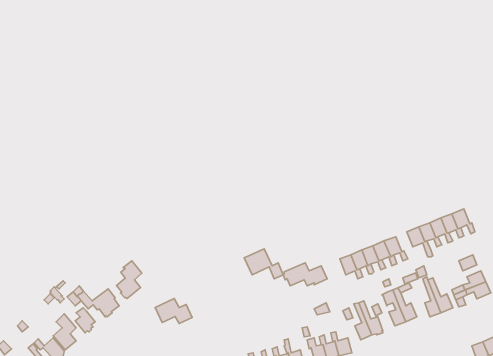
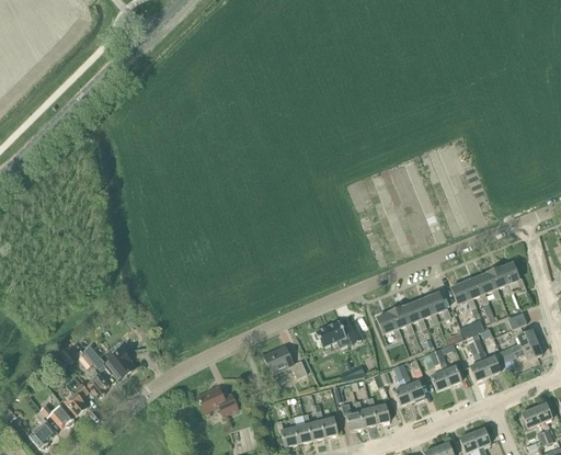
building: [244,249,283,279] -> [263,344,306,377]
building: [116,261,142,299] -> none
building: [155,298,192,323] -> [197,386,238,413]

